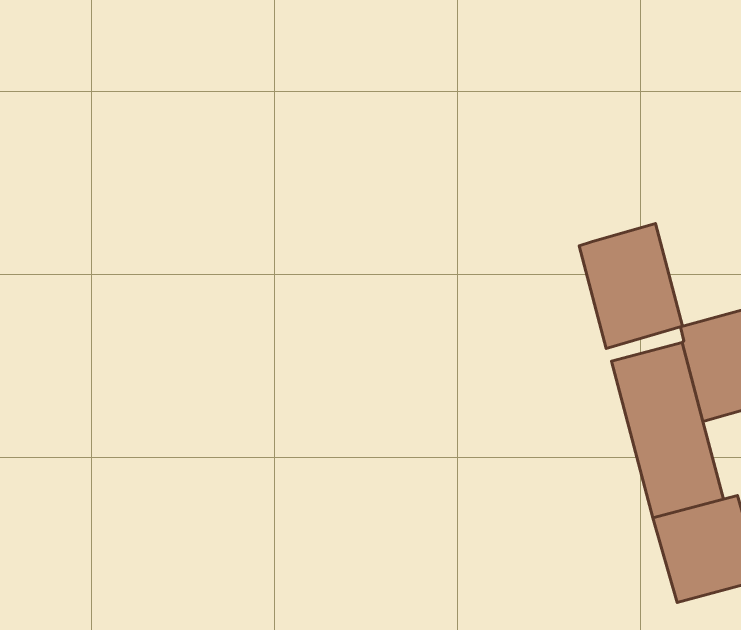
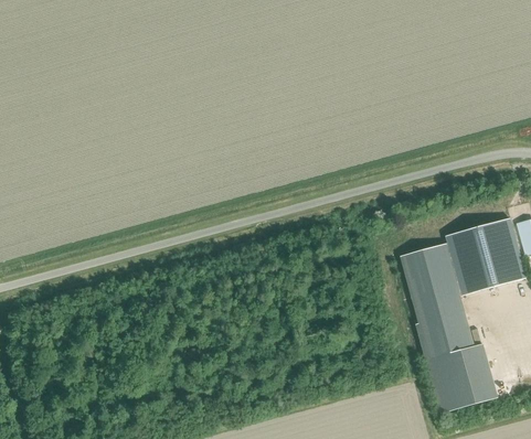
building: [579,224,683,349] -> none

